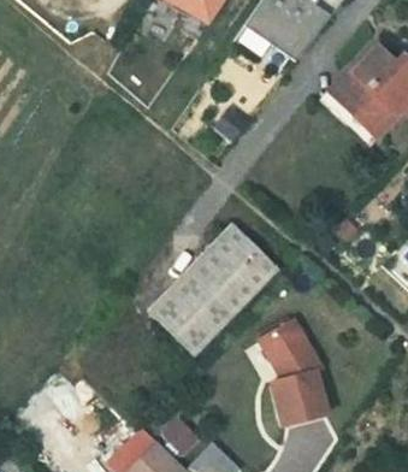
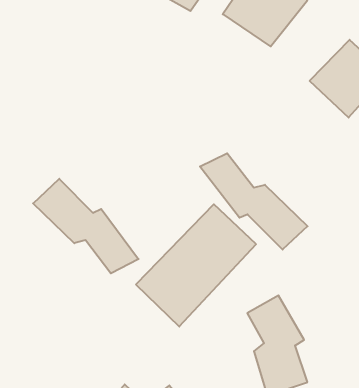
building: none -> [200,153,308,250]
building: none -> [33,179,139,273]

